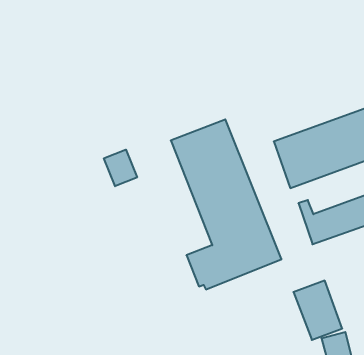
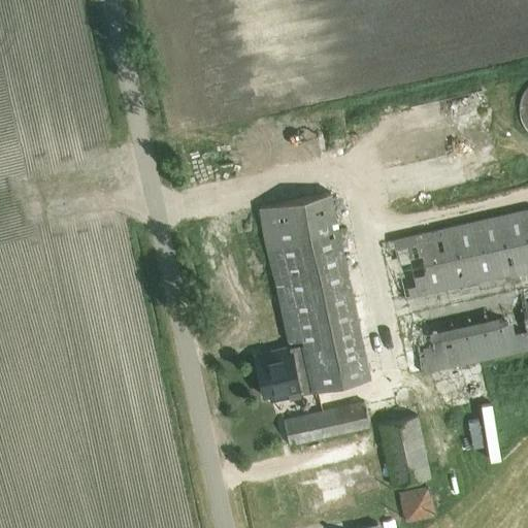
building: [104,150,137,186] -> none
building: none -> [291,403,377,447]

